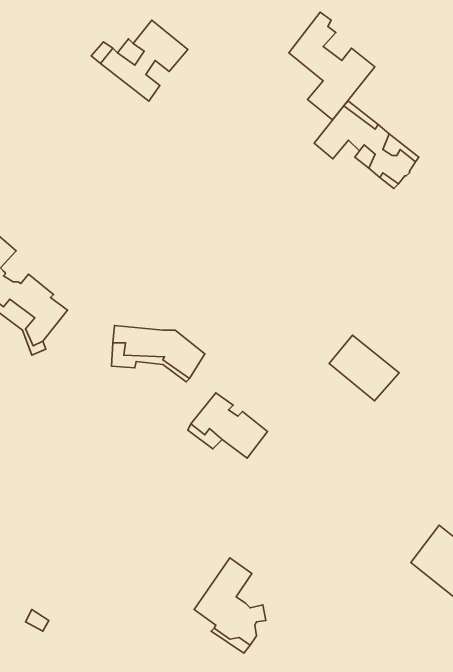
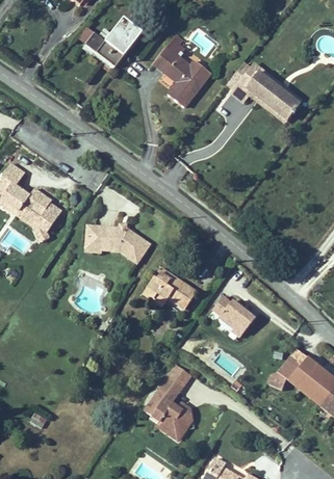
building: [289,12,375,120] -> [155,41,212,112]
building: [329,335,399,401] -> [211,294,258,338]
building: none -> [272,345,309,389]

